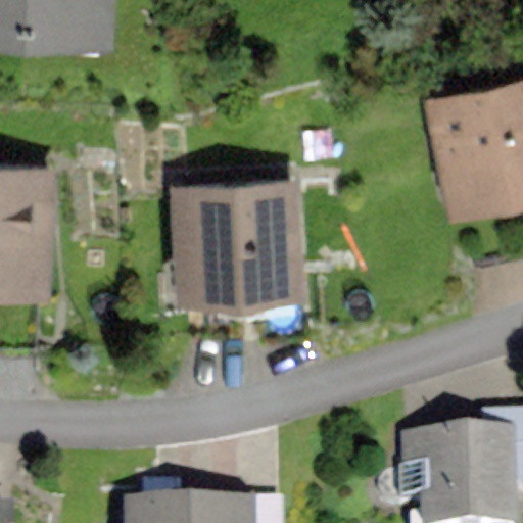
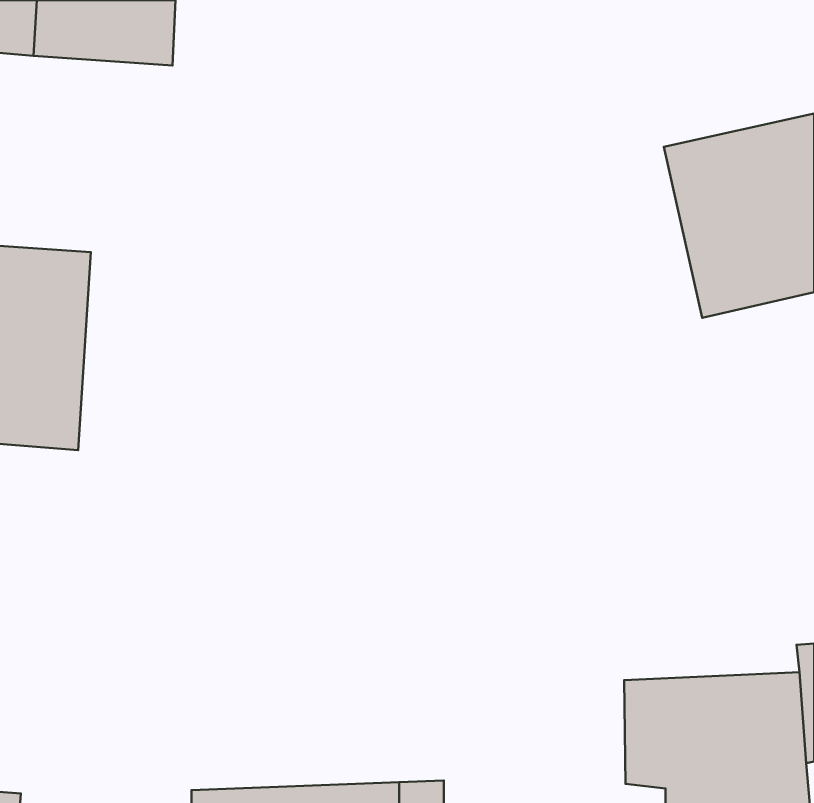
building: [169,180,303,297] -> none

